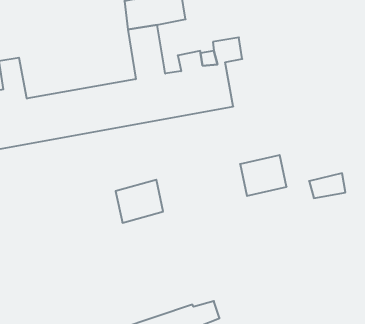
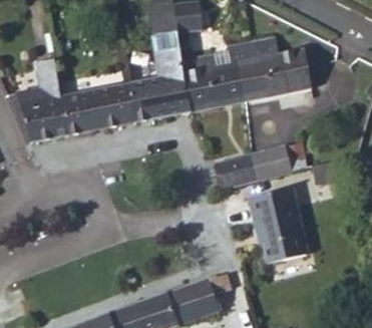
building: none -> [237,35,310,101]
building: [116,180,163,223] -> [214,152,256,191]
building: none -> [248,190,308,265]

